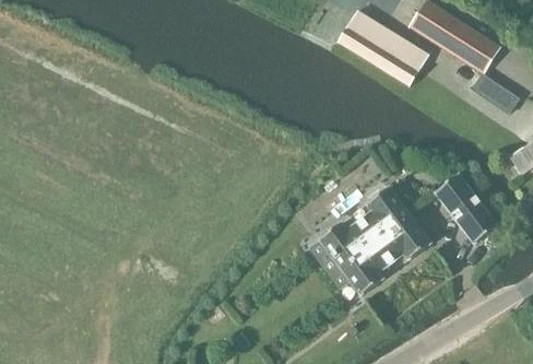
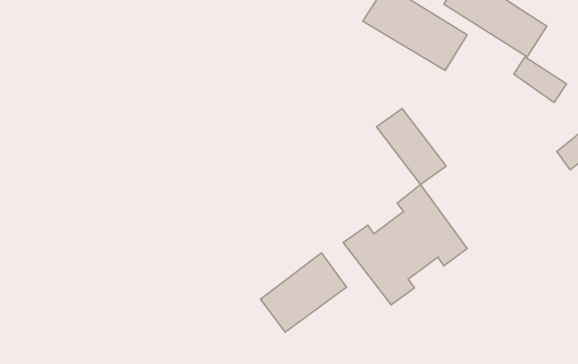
building: [435,175,497,243] -> [376,108,446,185]
building: none -> [261,253,347,332]

